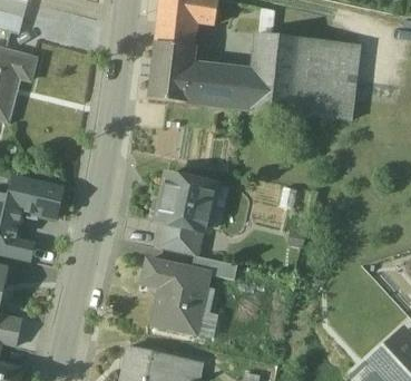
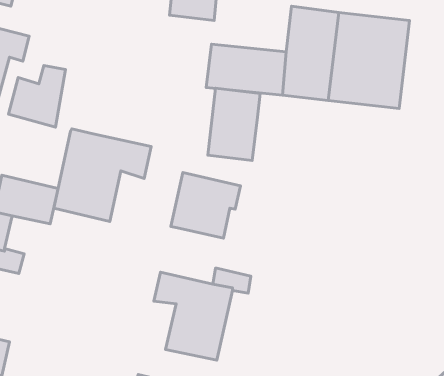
building: [149,40,194,101] -> [208,88,260,160]
building: none -> [9,65,65,127]
building: none -> [54,129,151,222]
building: [157,221,202,255] -> none

